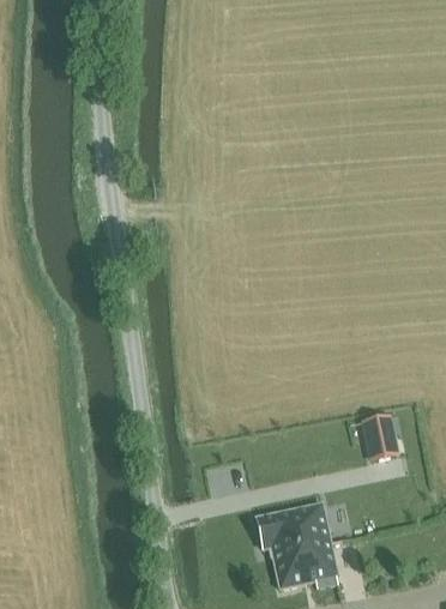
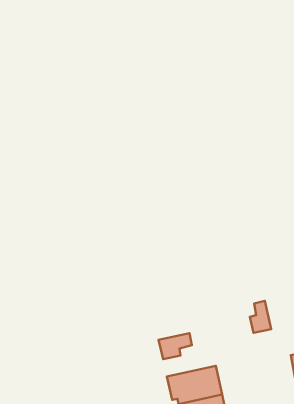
building: none -> [159,333,192,359]

